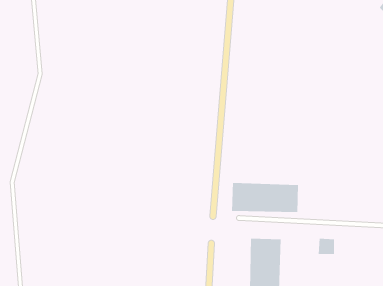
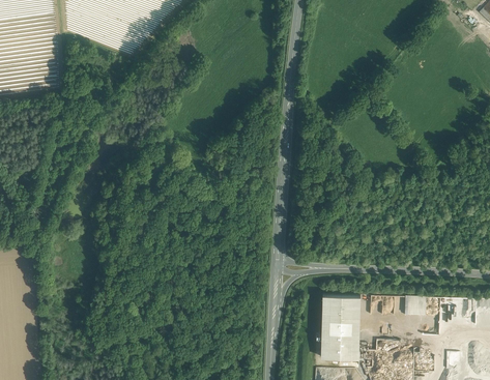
building: [232,182,298,213] -> none

